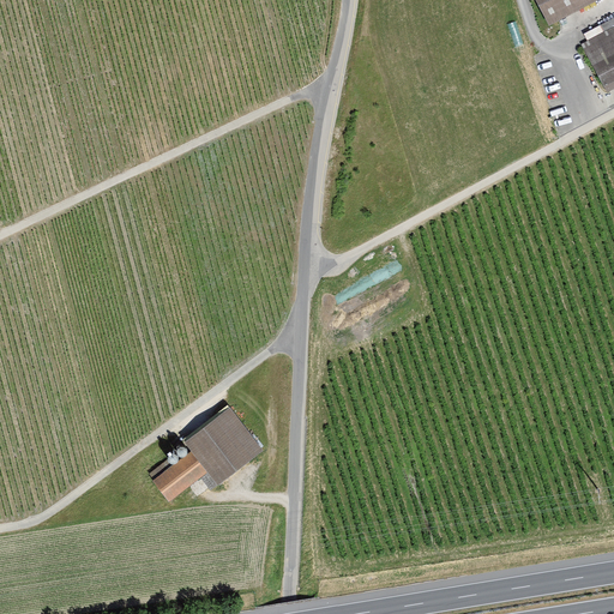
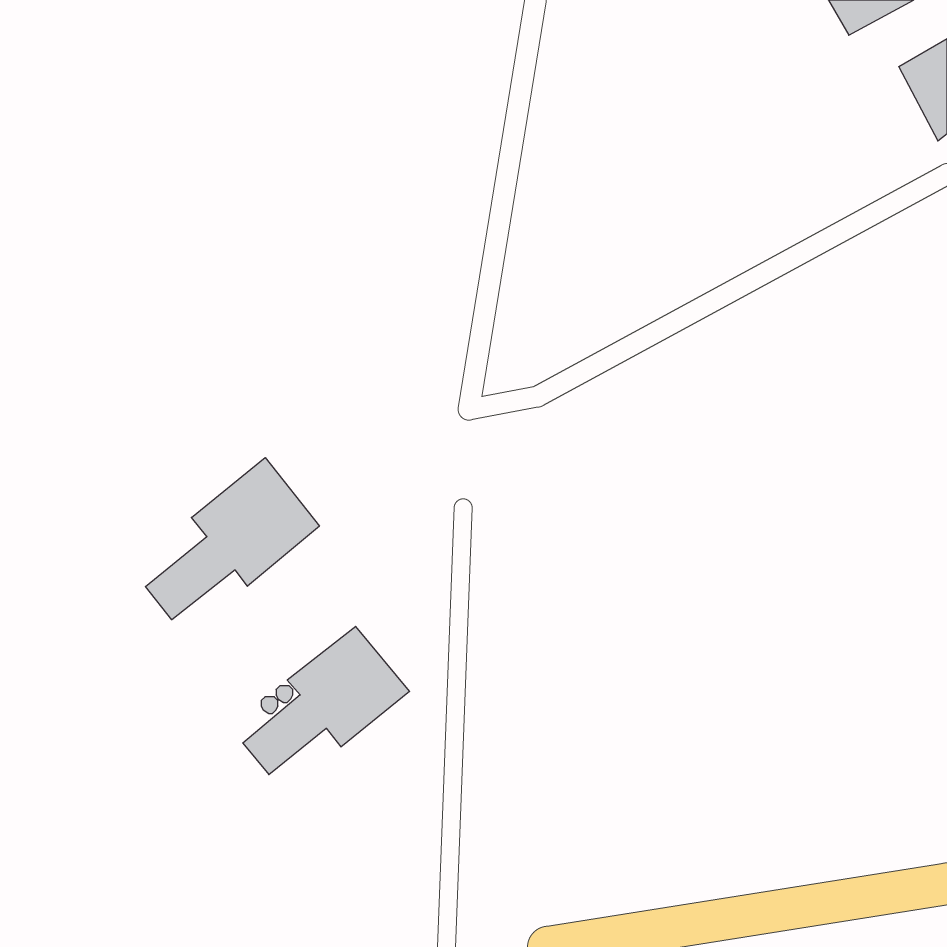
building: none -> [145,458,319,620]

